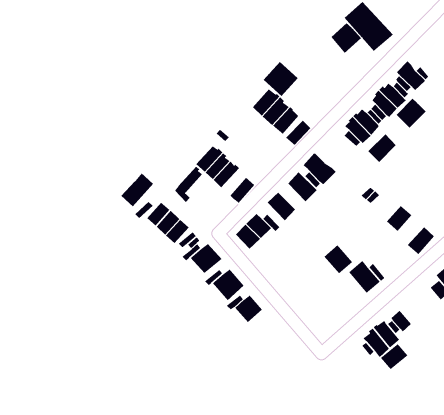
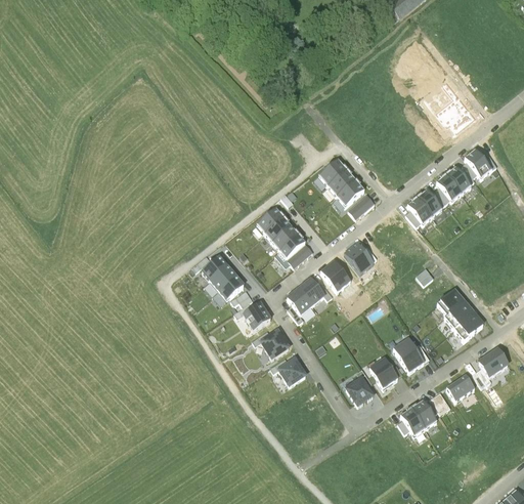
building: [331,23,362,54] -> none
building: [263,61,299,97] -> none
building: [396,98,426,129] -> none
building: [368,134,396,163] -> none
building: [303,153,337,185] -> none
building: [174,166,203,203] -> [275,233,306,267]
building: [121,173,154,207] -> none
building: none -> [444,299,474,328]
building: [323,244,353,274] -> [369,356,398,386]
building: none -> [346,376,374,405]
building: [380,343,409,370] -> [446,374,475,400]

